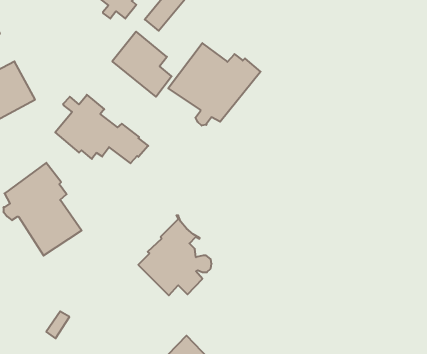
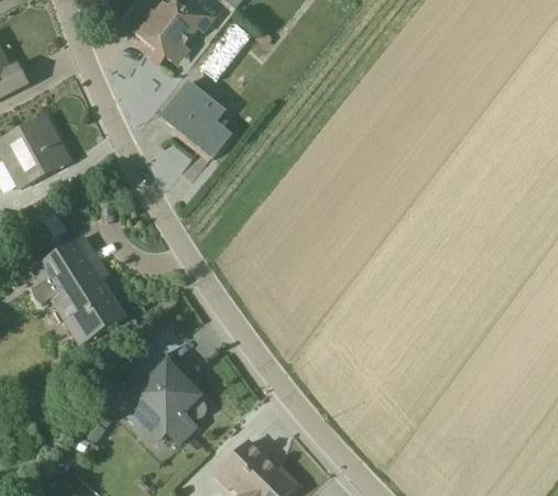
building: [168,43,261,126] -> none
building: [55,95,148,163] -> none
building: [138,215,212,295] -> [120,351,207,445]

